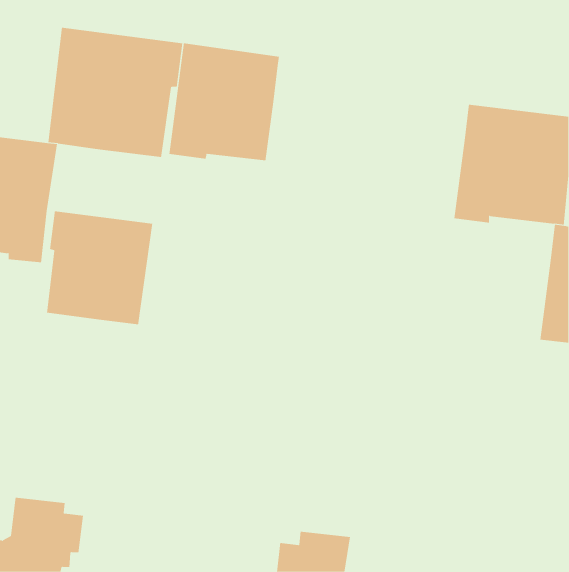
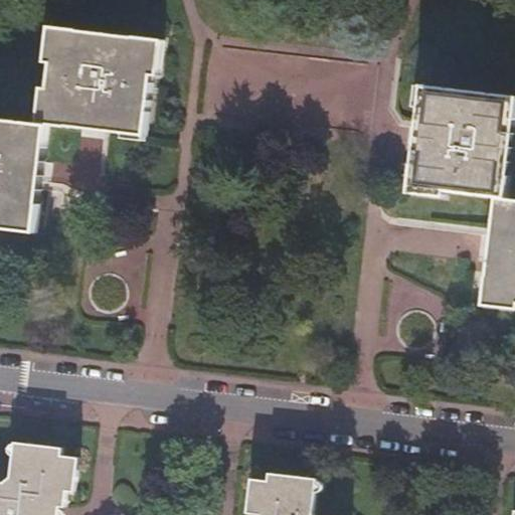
building: [169,42,280,161] -> none
building: [47,210,153,325] -> none

